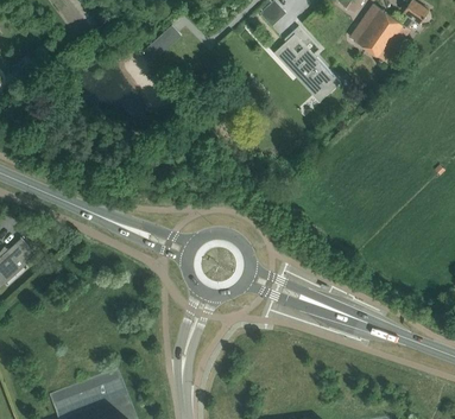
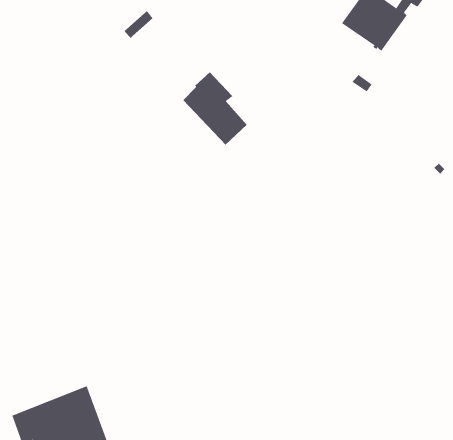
building: [273,27,333,95] -> [182,71,247,146]

